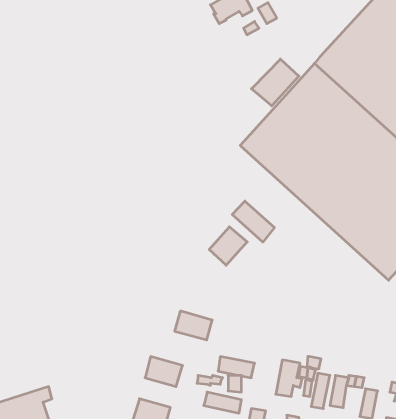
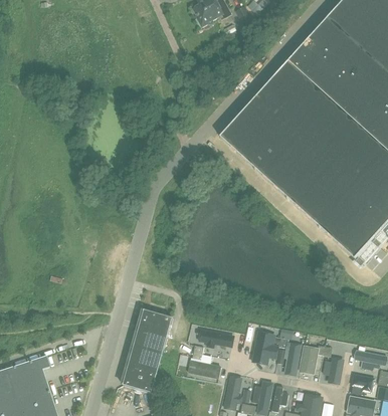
building: [251,59,299,106] -> none
building: [232,201,274,242] -> none
building: [209,227,247,265] -> none
building: [175,311,212,340] -> [138,309,172,336]
building: none -> [128,347,161,374]

